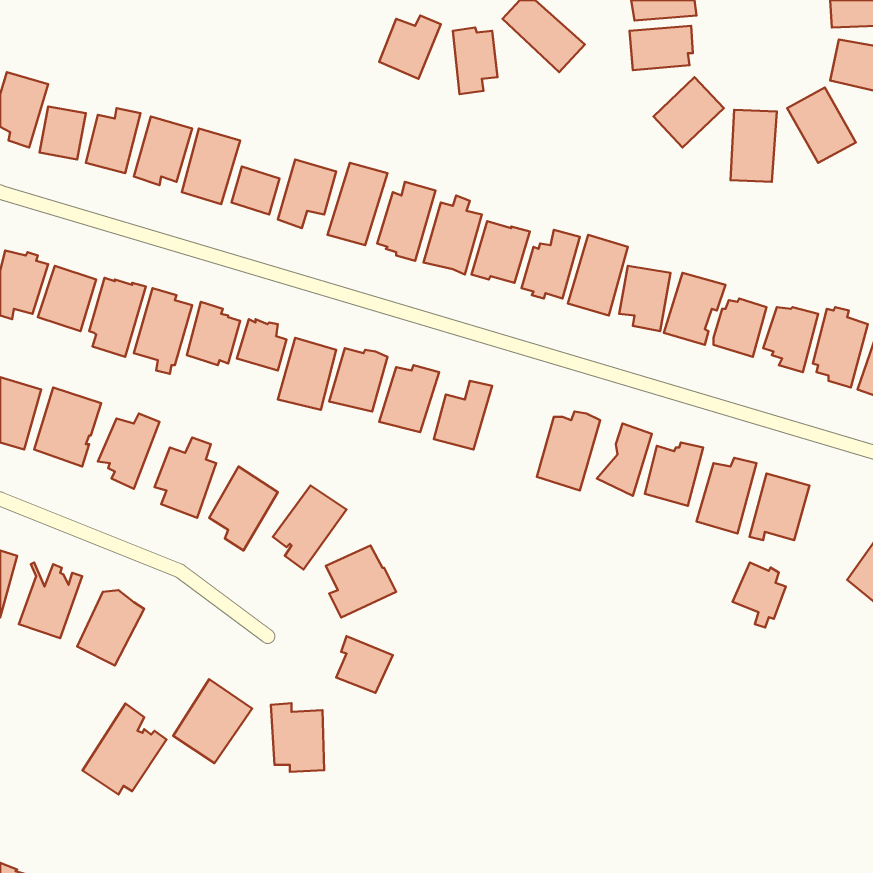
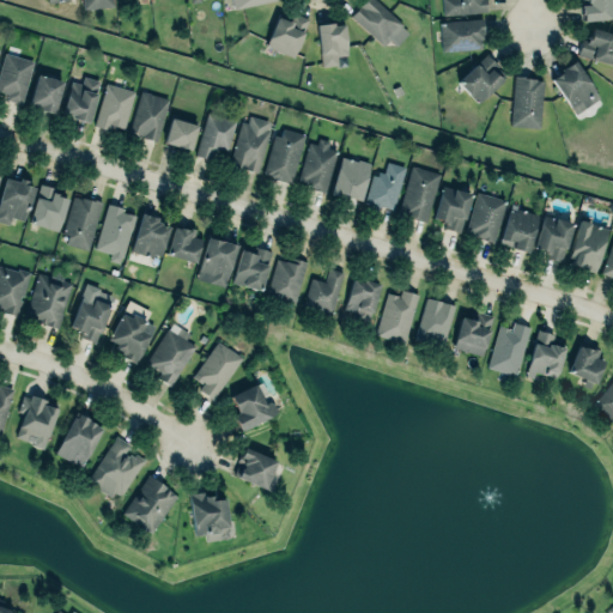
building: none -> [344,278,381,321]
building: [733,562,786,628] -> [569,342,606,388]
building: [82,704,167,794] -> [87,436,146,499]

